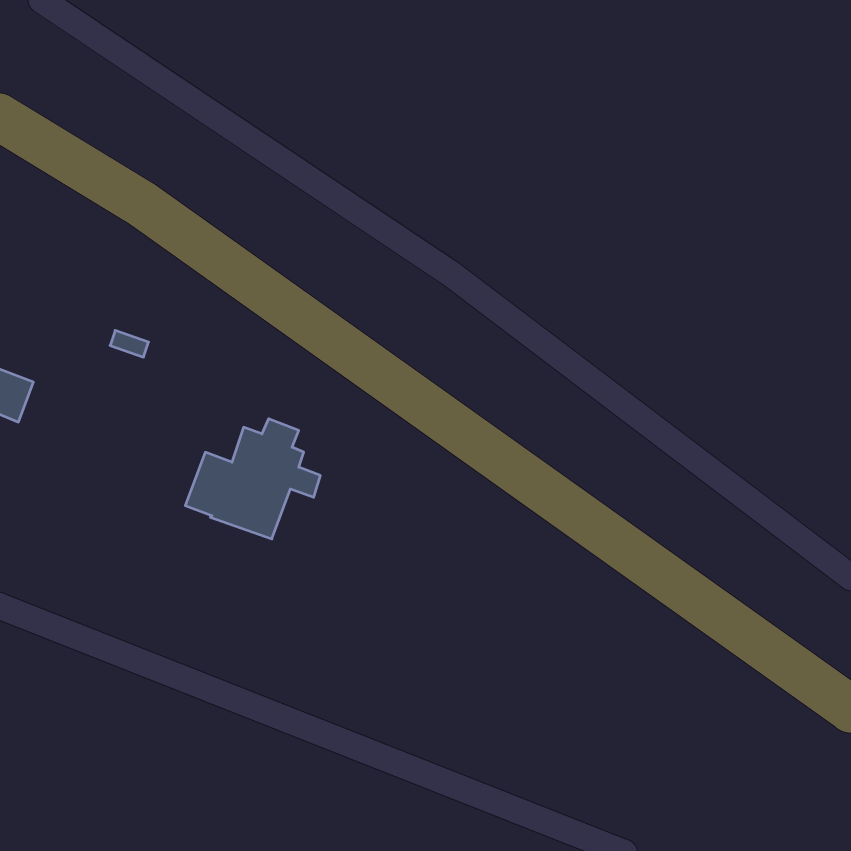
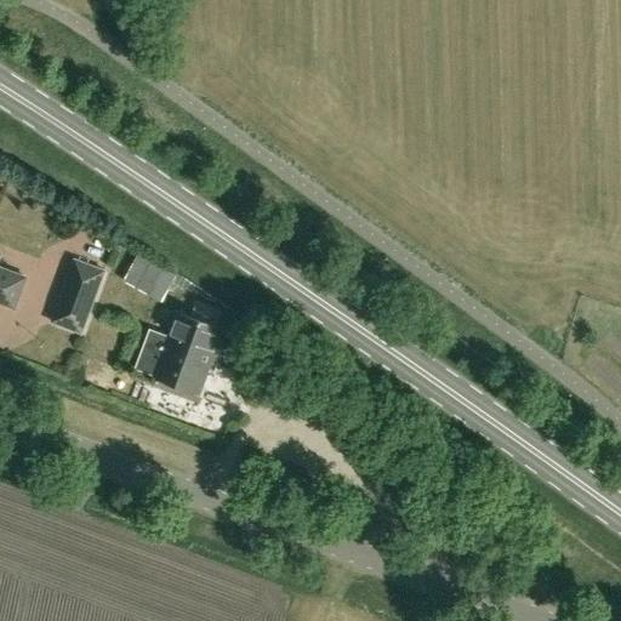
building: none -> [123,257,173,301]
building: none -> [51,261,103,334]

